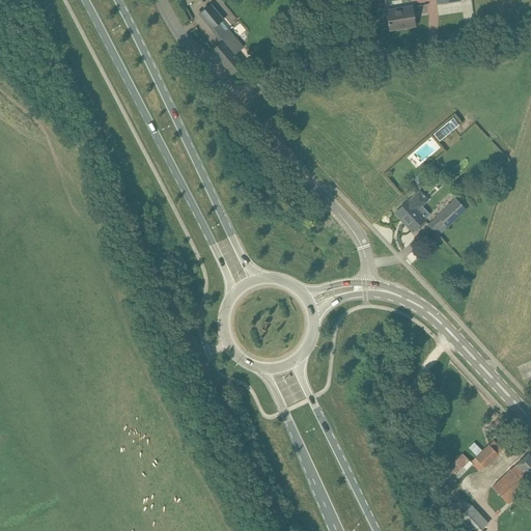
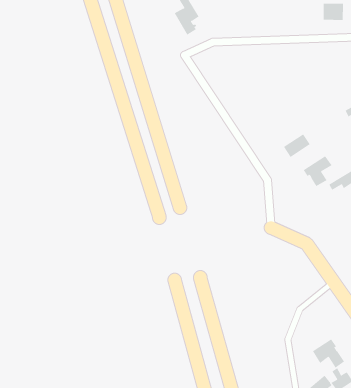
building: none -> [283,133,310,158]
building: none -> [312,338,345,369]

